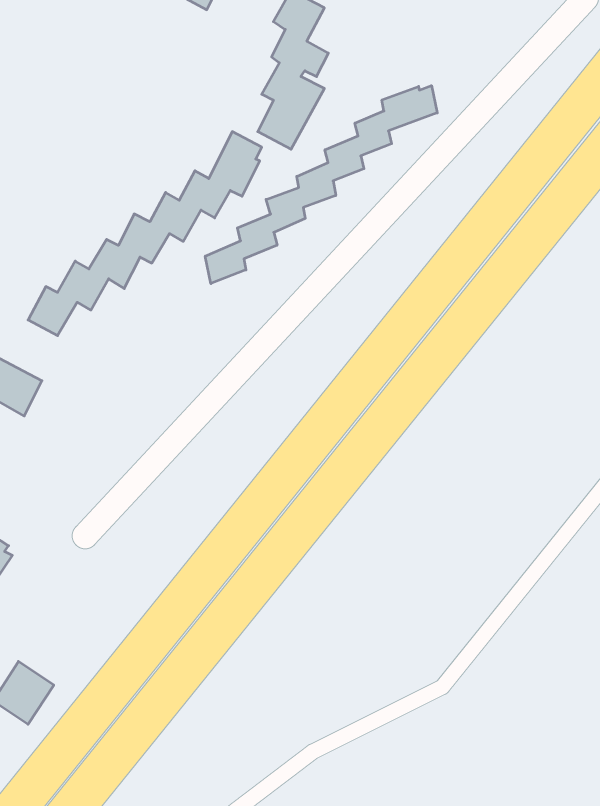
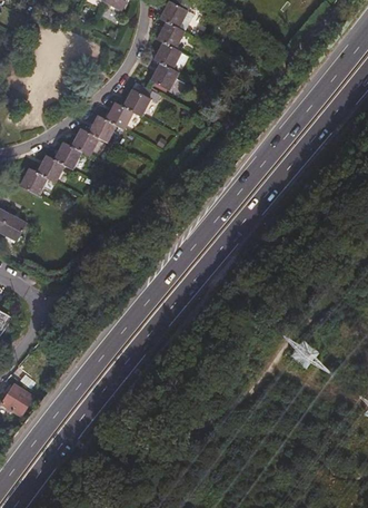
building: [205,86,437,284] -> none

